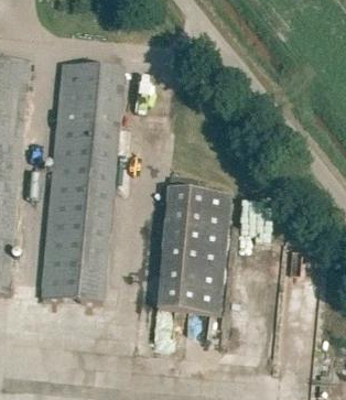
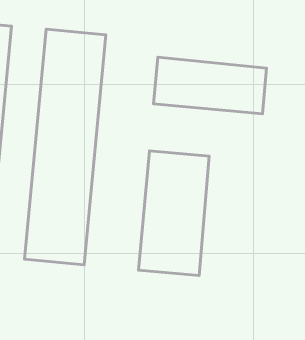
building: none -> [154,57,267,114]

